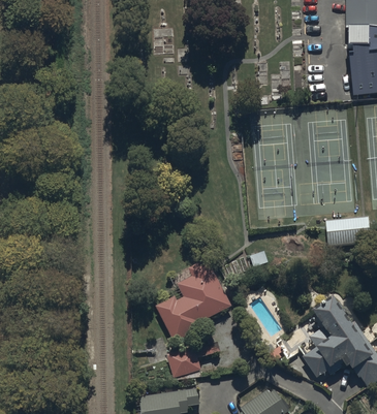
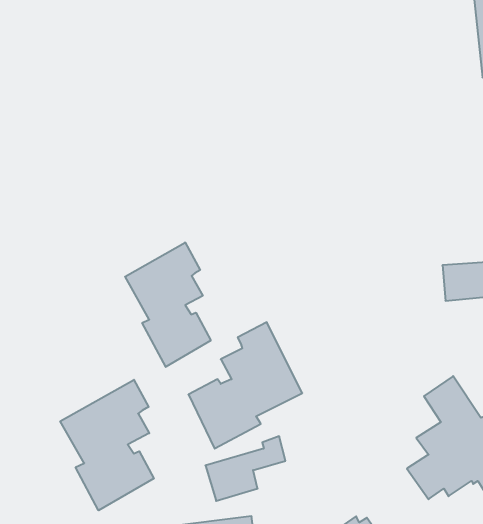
building: none -> [125,242,211,367]
building: none -> [60,380,154,510]

